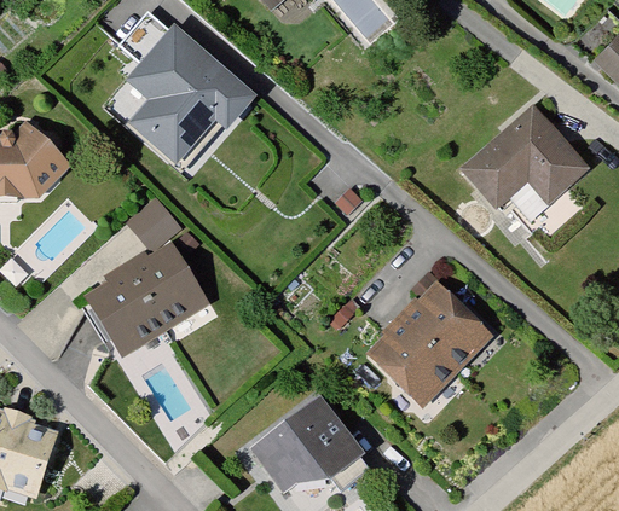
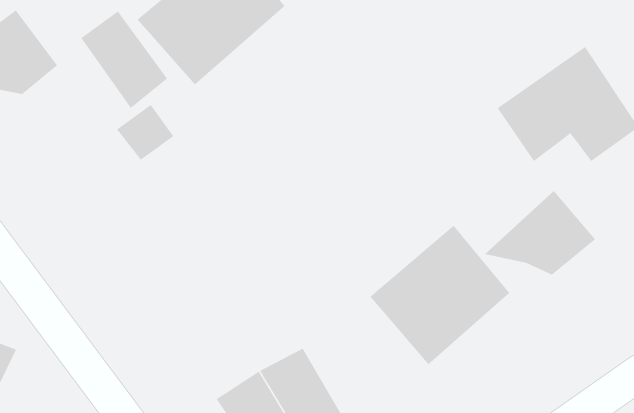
building: none -> [81,11,168,109]
building: none -> [484,190,596,276]
building: [79,248,206,364] -> none

